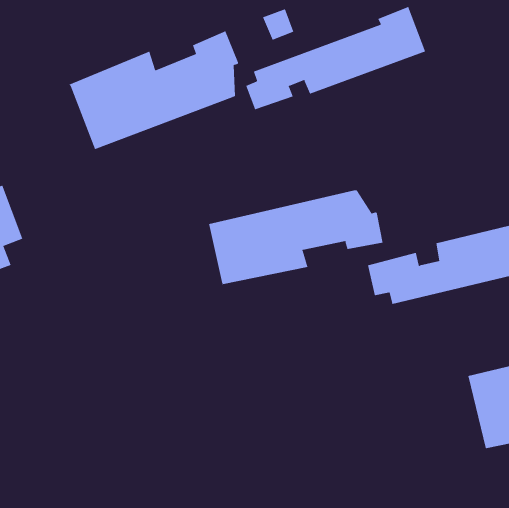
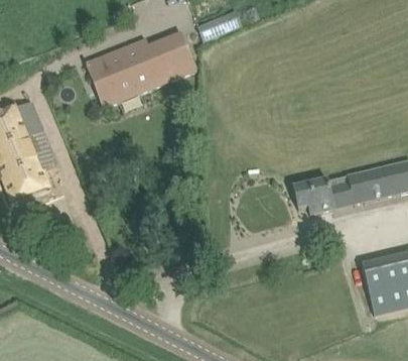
building: [245,6,426,110] -> none
building: [208,190,383,285] -> none

